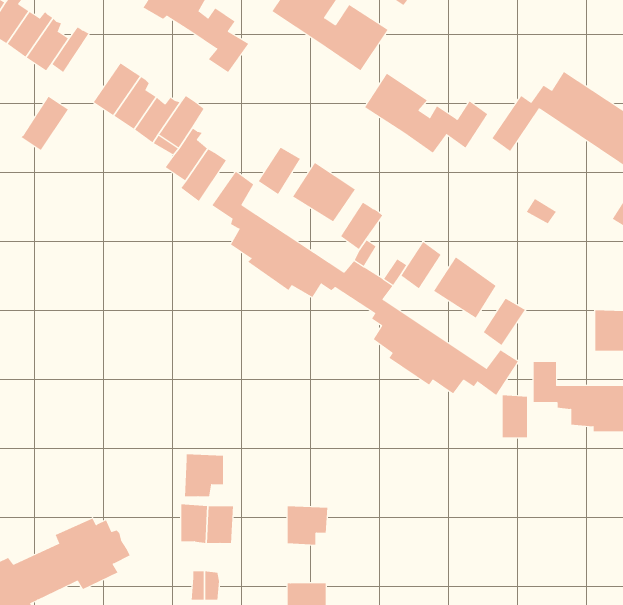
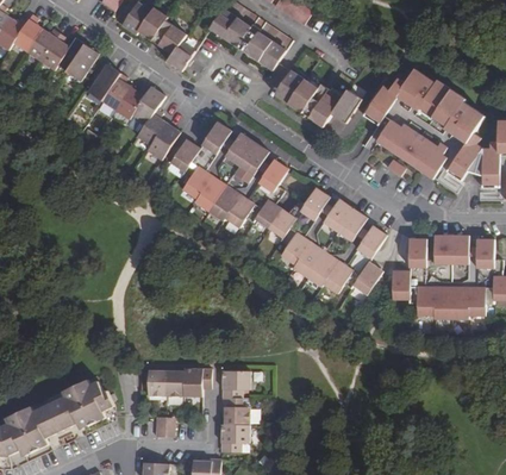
building: [21,96,69,151] -> [65,43,99,81]
building: none -> [376,120,448,179]
building: [502,395,528,438] -> [408,238,426,268]
building: [184,454,224,497] -> [183,367,211,396]
building: none -> [221,396,249,424]

